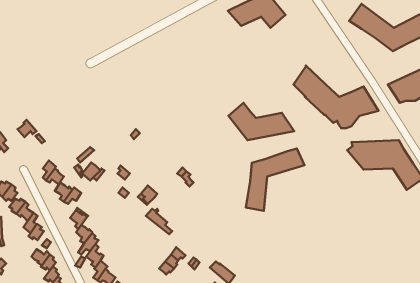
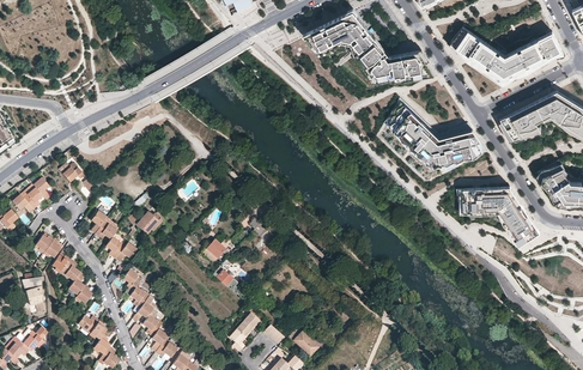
building: [228,103,294,140] -> [359,38,437,83]
building: [246,149,304,211] -> none

